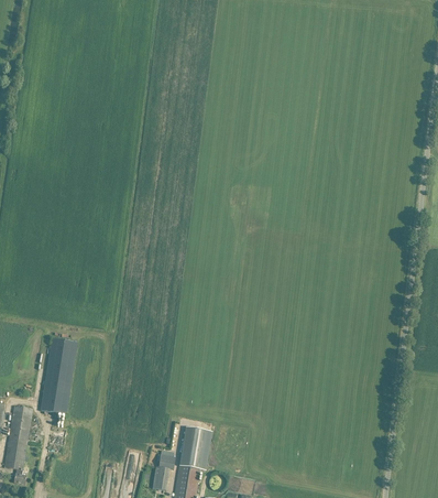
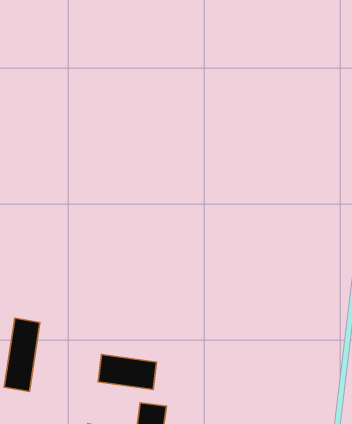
building: none -> [98,354,157,390]

